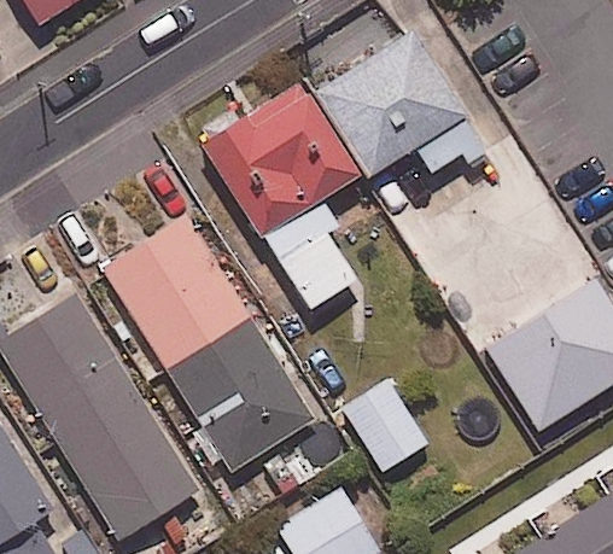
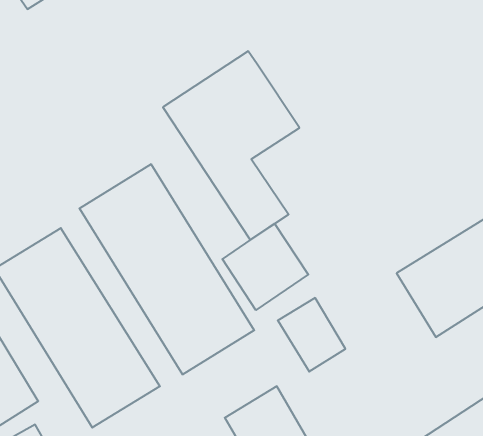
building: [319,31,481,171] -> none
building: none -> [222,224,308,310]

